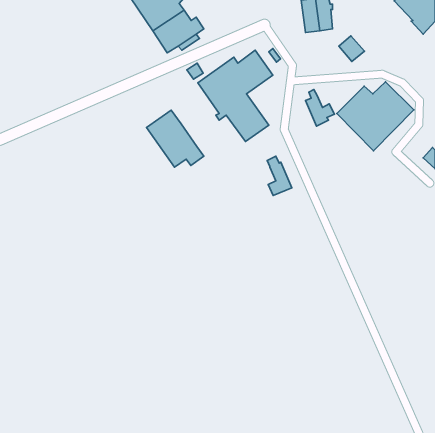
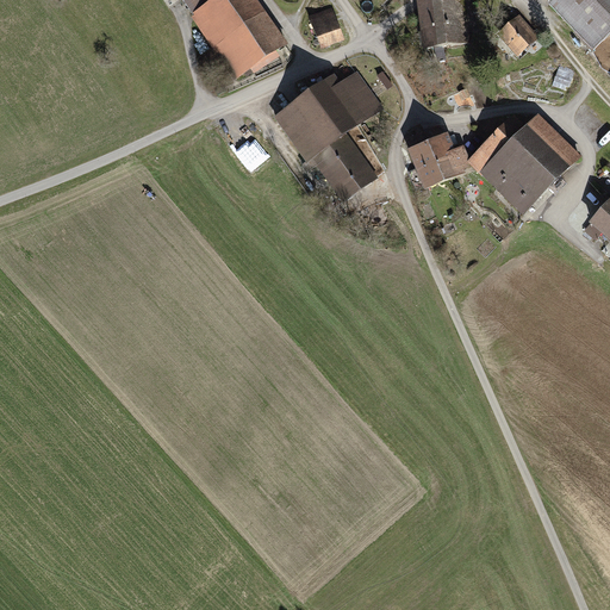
building: none -> [309,7,342,44]
building: [339,36,365,61] -> [500,15,536,51]
building: [146,110,204,167] -> none
building: [267,156,292,195] -> [407,132,442,187]

